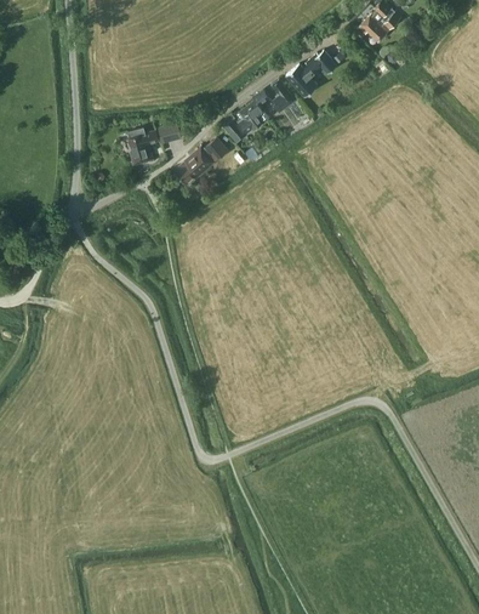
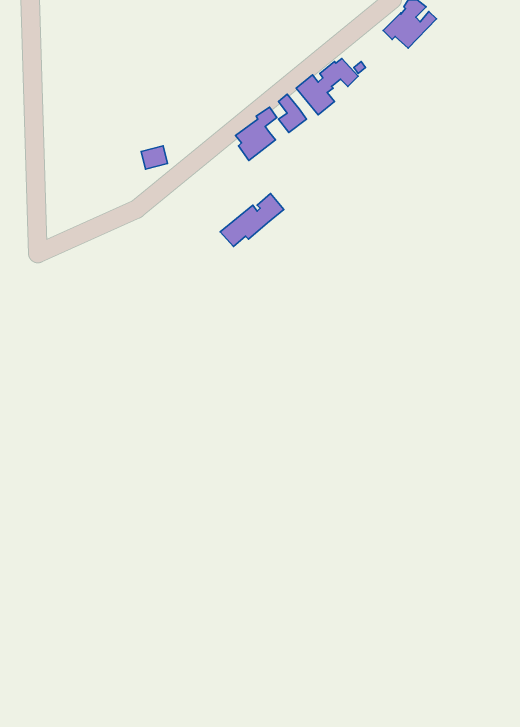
building: [127,129,159,167] -> none
building: [175,140,227,183] -> [220,193,284,247]

